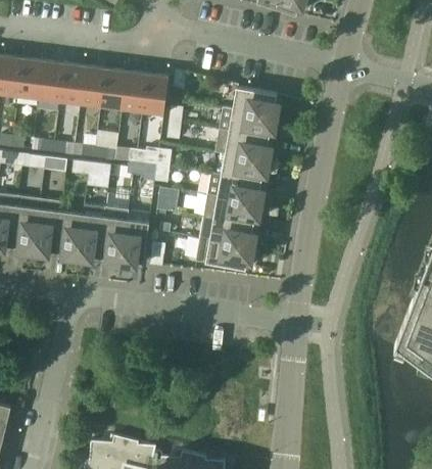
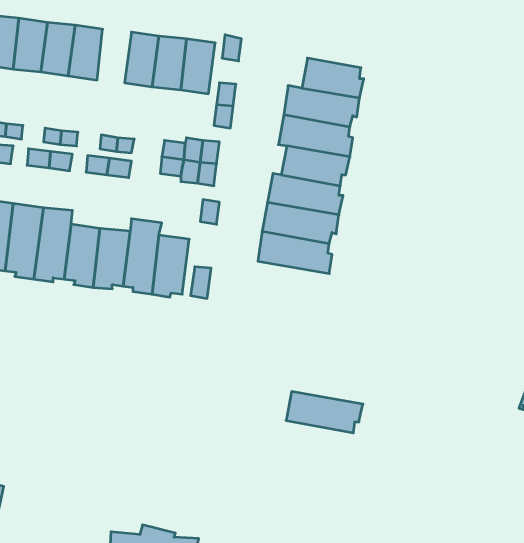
building: [81,66,106,106] -> none
building: [196,239,253,270] -> [286,392,363,433]

